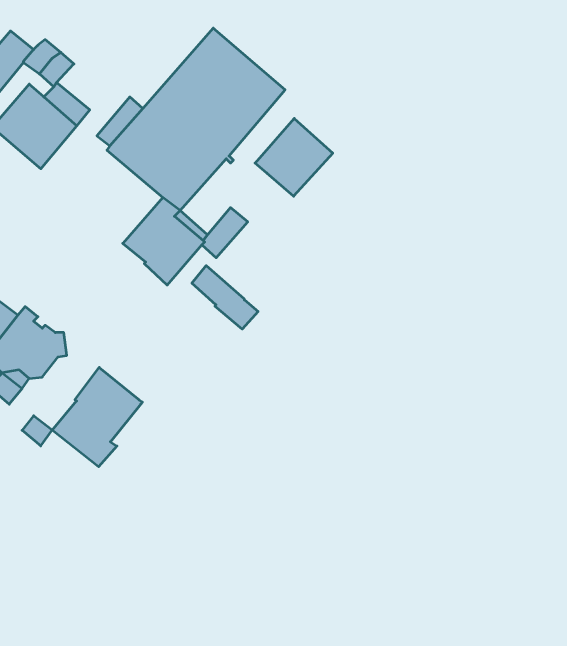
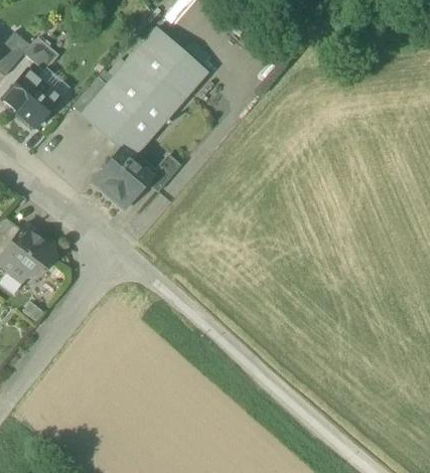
building: [255,118,333,196] -> none
building: [192,266,258,329] -> none
building: [52,367,142,467] -> none

